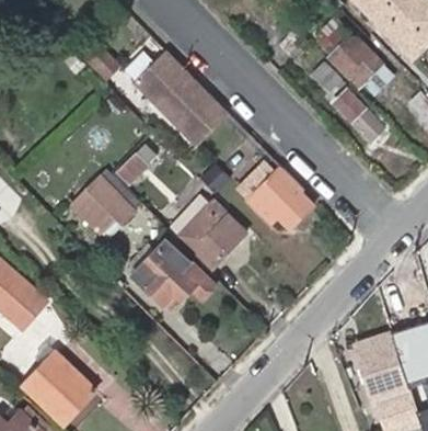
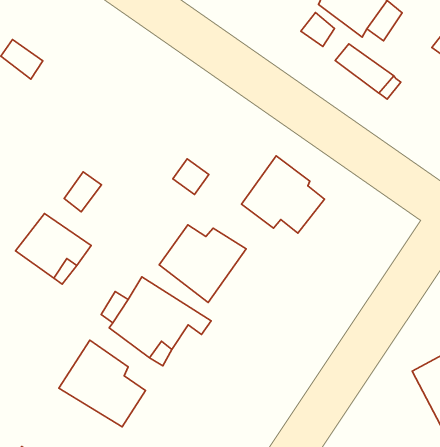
building: [132,48,227,144] -> none
building: none -> [59,340,145,427]

